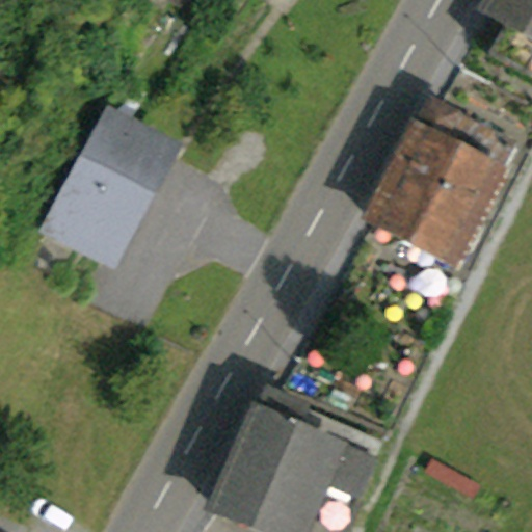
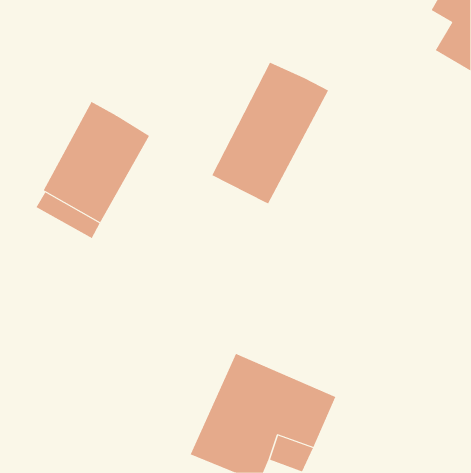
building: none -> [212,62,329,204]
building: [366,103,510,264] -> none

